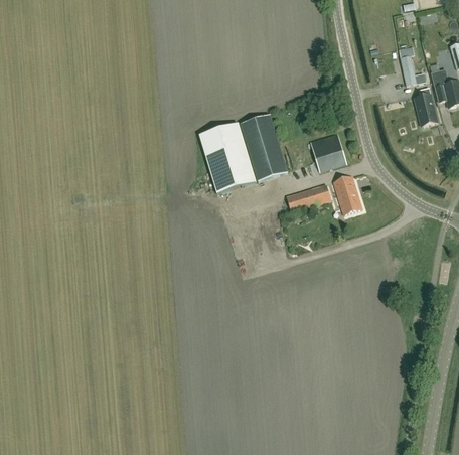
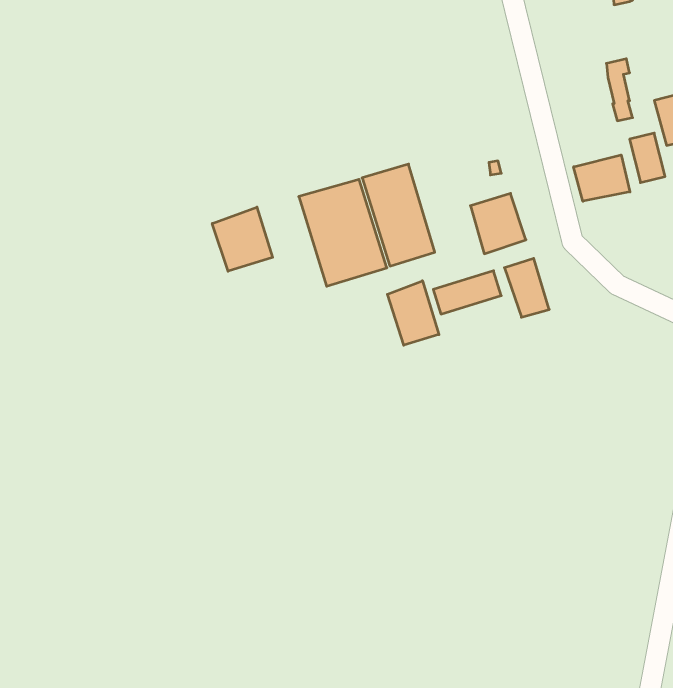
building: none -> [574,155,630,201]
building: none -> [212,207,273,271]
building: none -> [387,281,439,345]

